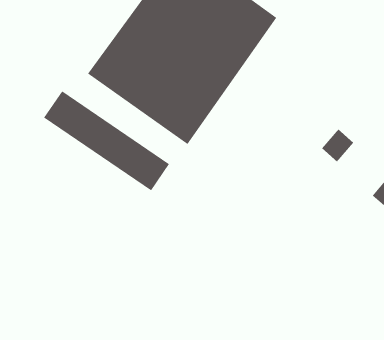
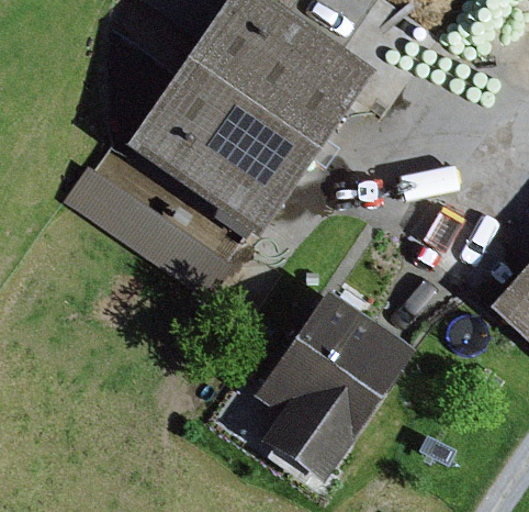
building: none -> [260,289,417,482]

